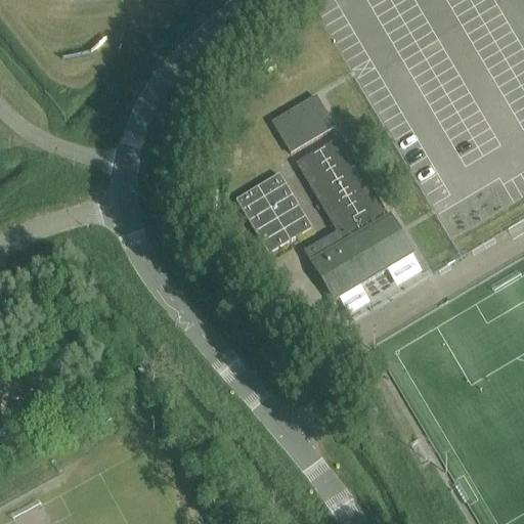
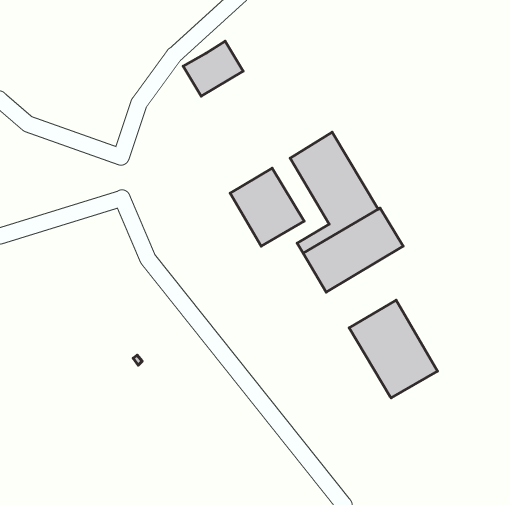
building: [272,94,334,150] -> [183,41,243,96]
building: none -> [349,300,437,398]

